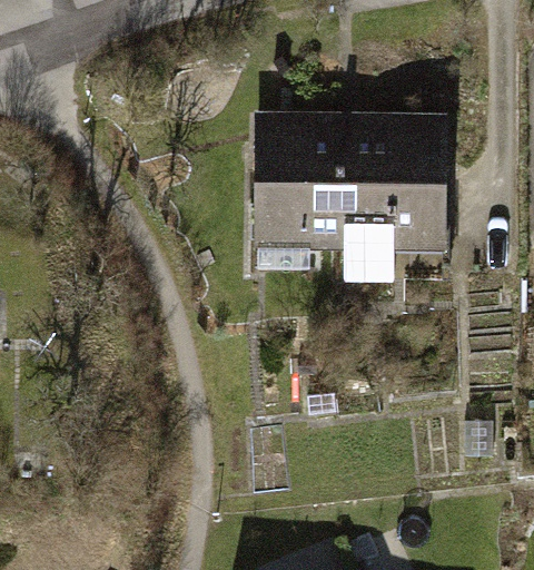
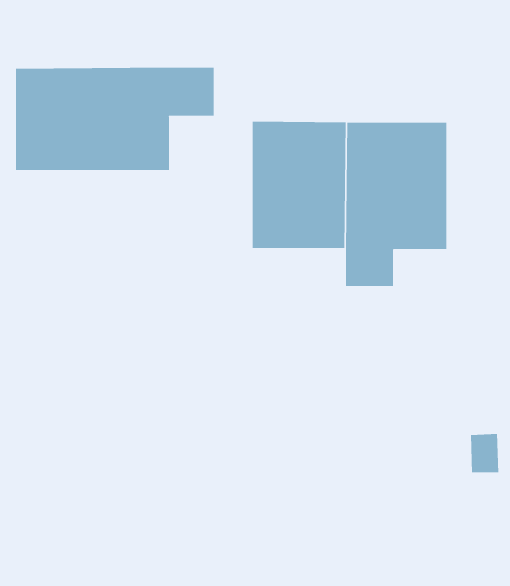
building: none -> [16,67,214,171]

